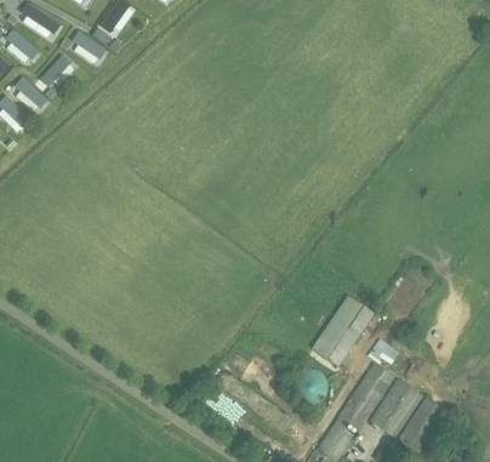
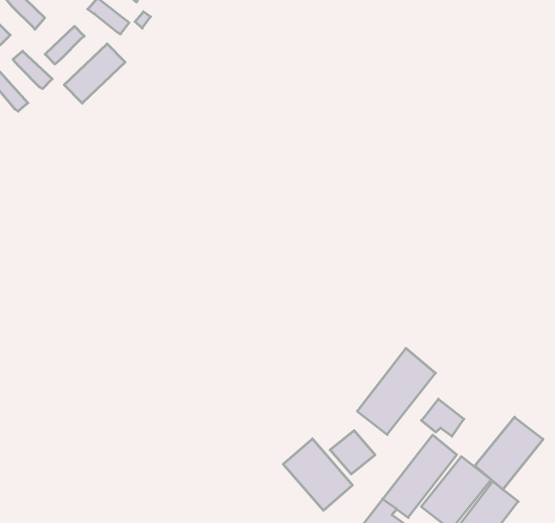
building: none -> [64,44,125,103]
building: none -> [475,417,543,490]
building: none -> [283,439,352,510]

